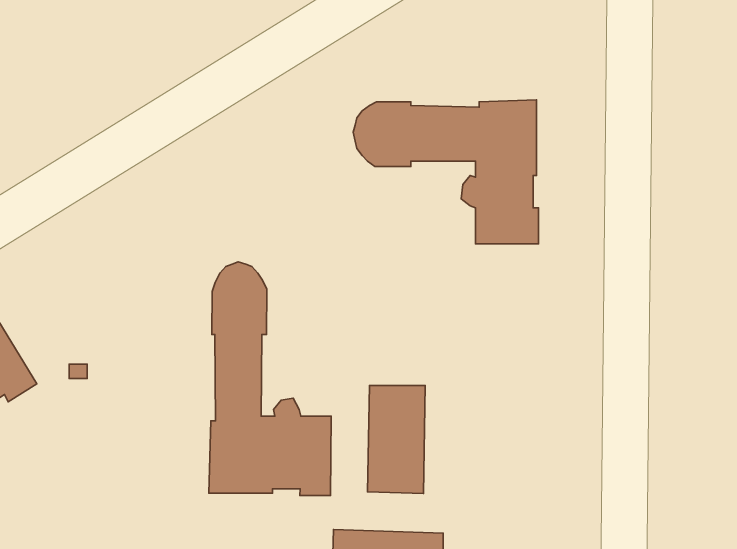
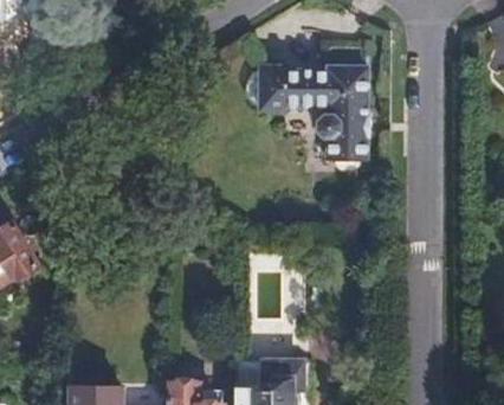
building: [209,262,331,495] -> none

